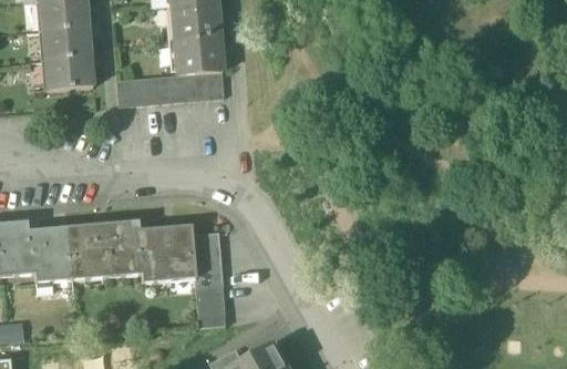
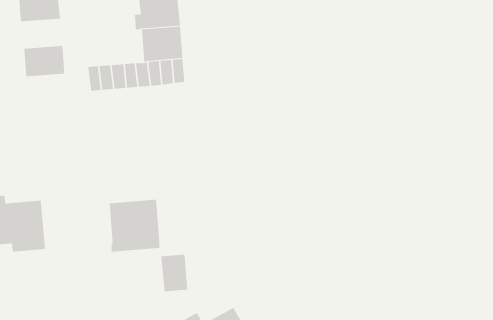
building: [43,28,90,60] -> none
building: [66,219,143,278] -> none
building: [193,230,223,286] -> none

